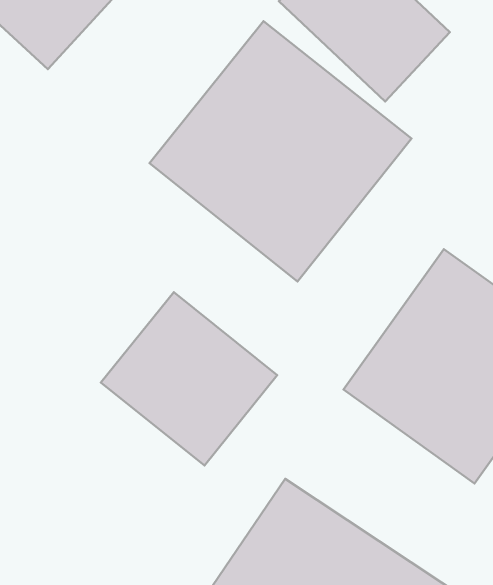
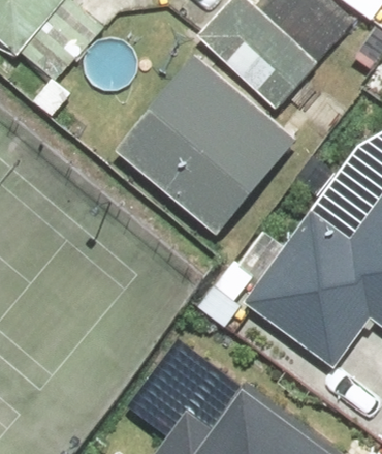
building: [101,292,277,465] -> none

